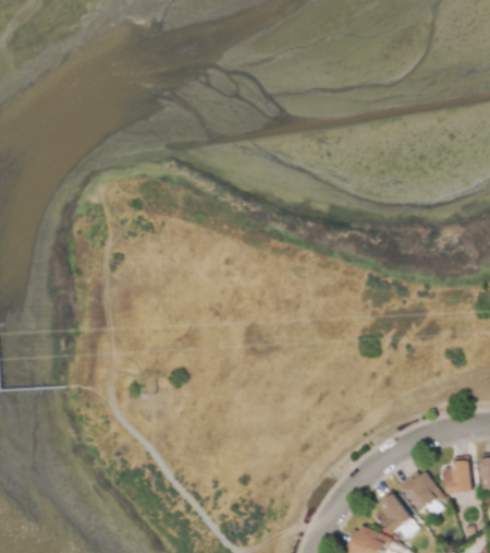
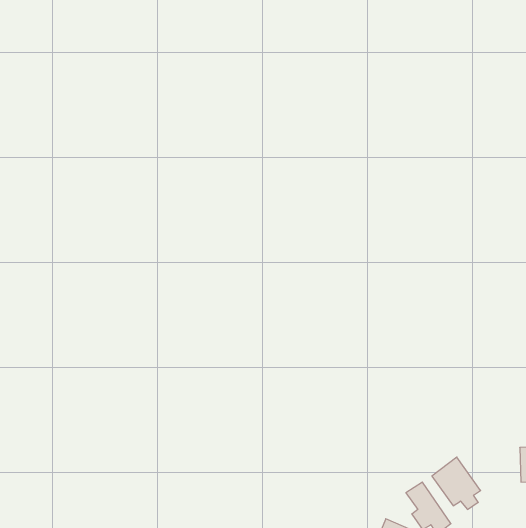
building: [445,460,471,493] -> none

